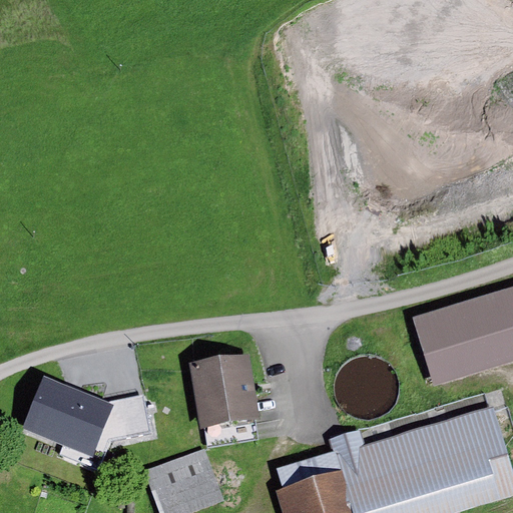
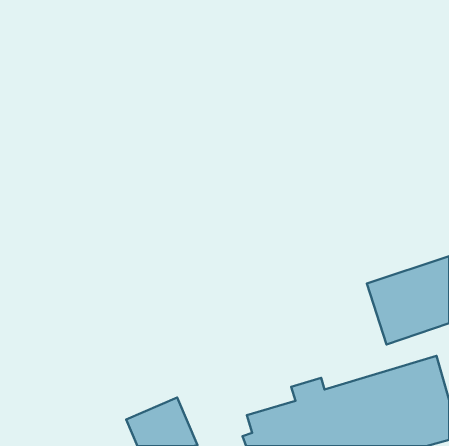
building: [187,353,259,427] -> none
building: [19,373,154,469] -> none

